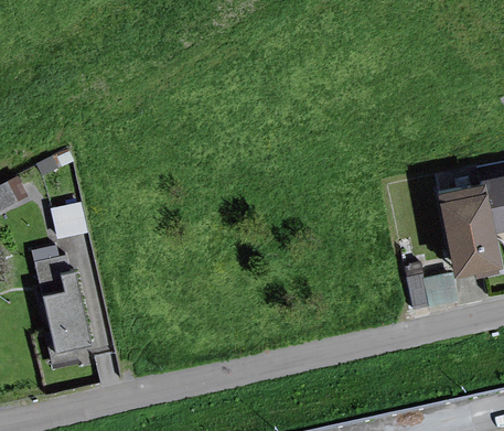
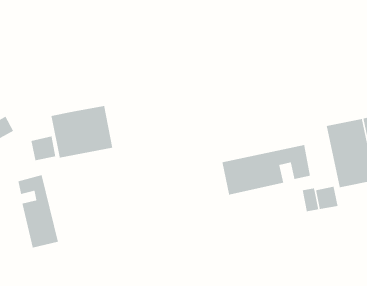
building: none -> [51,105,113,159]
building: none -> [222,144,311,195]

